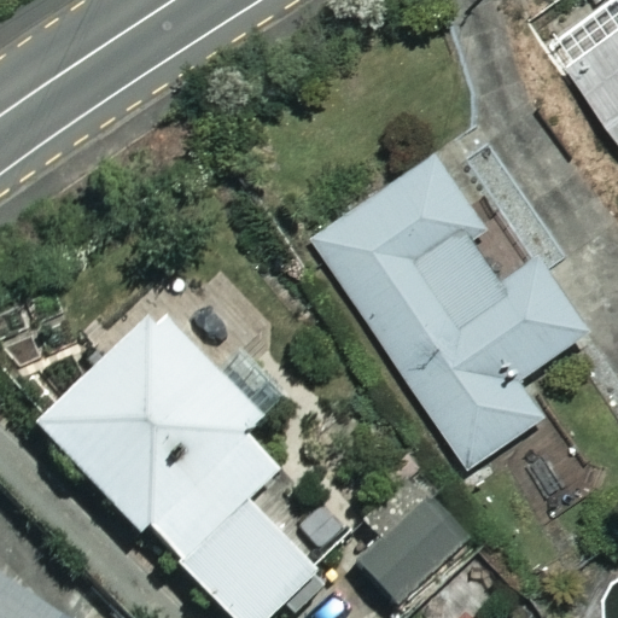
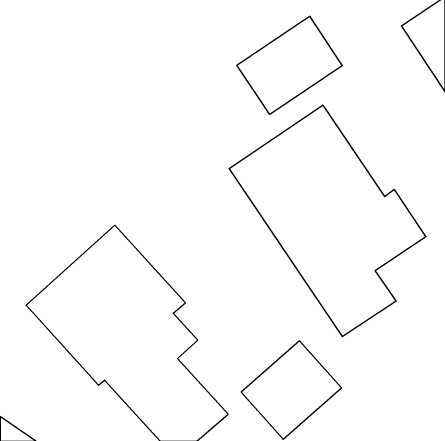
building: none -> [237,16,342,114]

